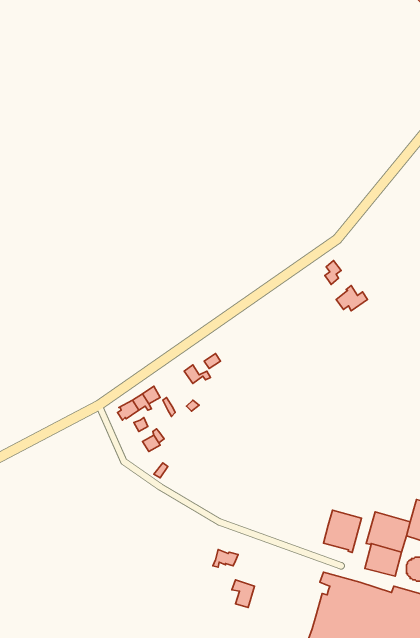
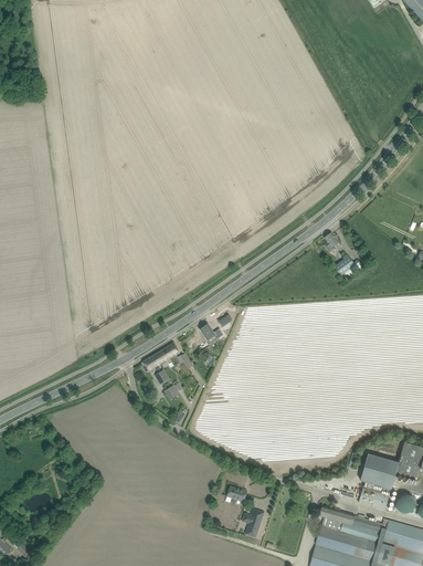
building: [323,510,362,552] -> none

